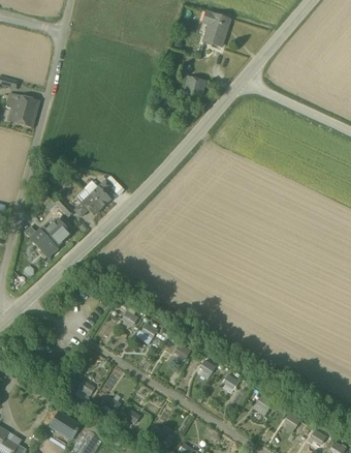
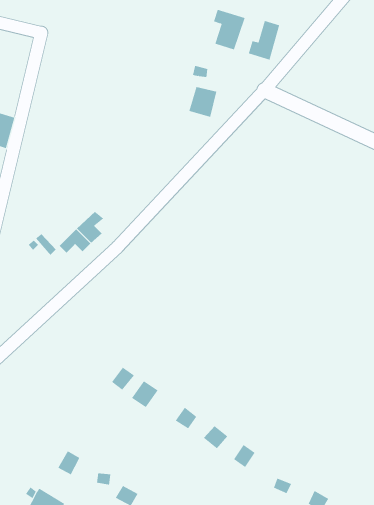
building: none -> [248,20,280,60]
building: [31,218,72,255] -> none

